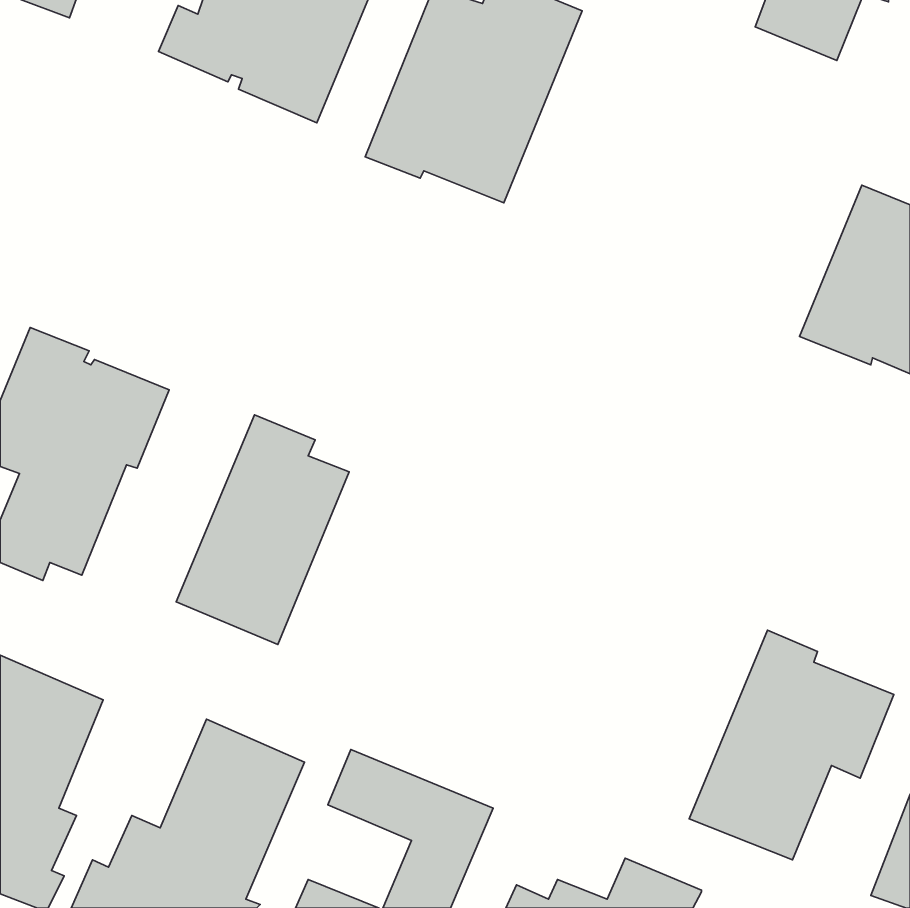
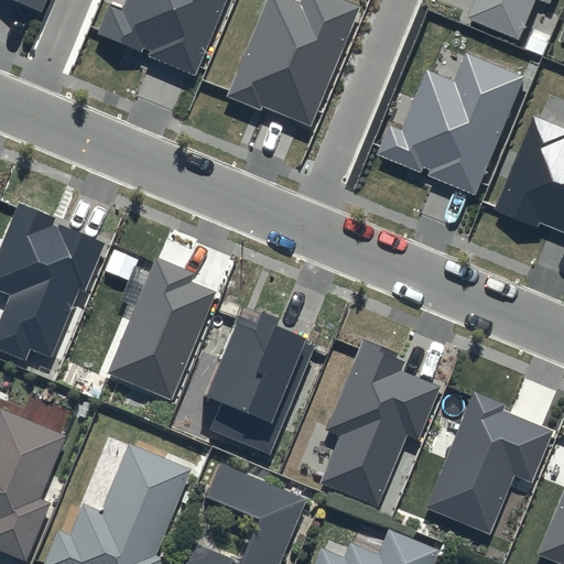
building: none -> [376,54,522,194]
building: none -> [207,311,315,454]
building: none -> [322,338,442,507]

